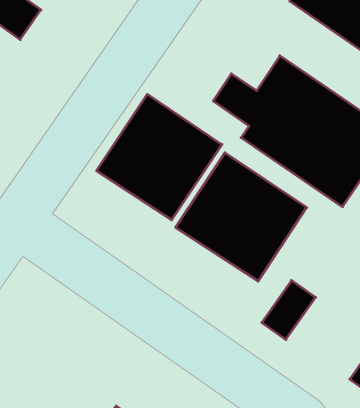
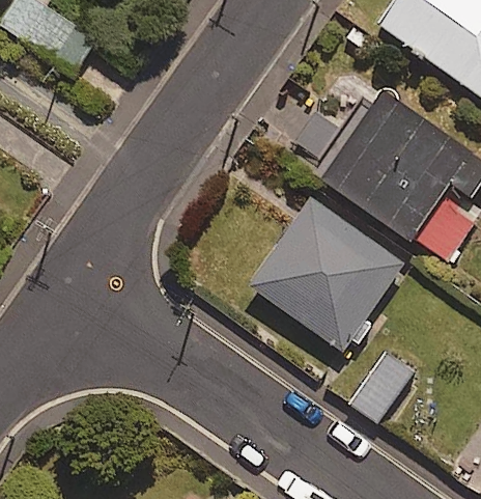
building: [97,94,222,220] -> none

